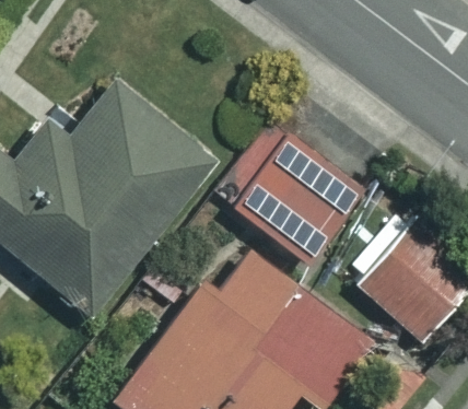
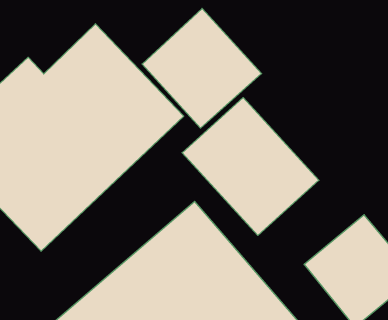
building: none -> [142,8,262,128]

